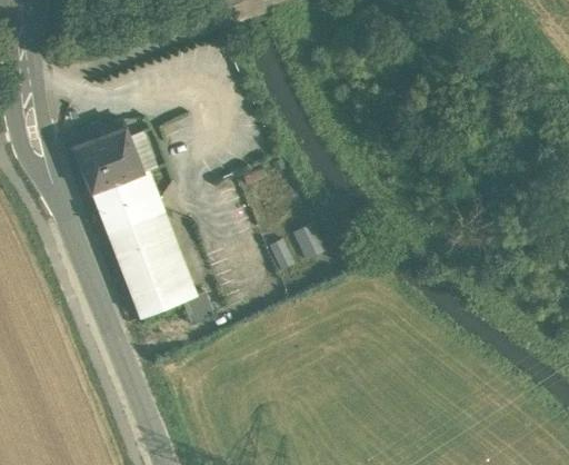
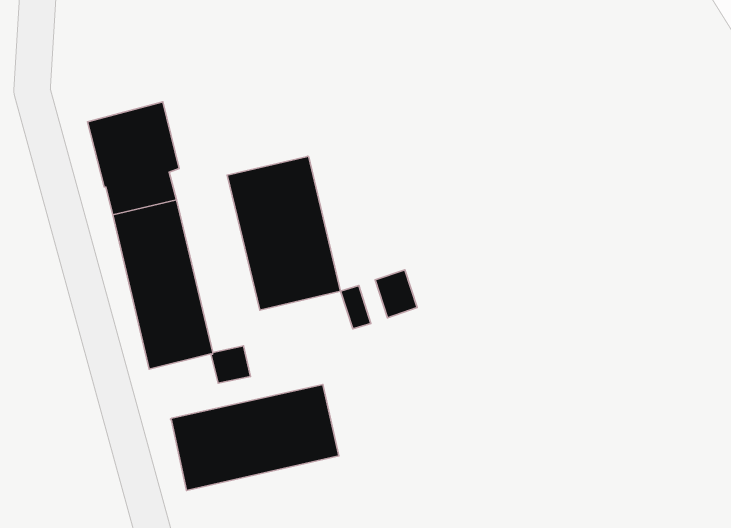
building: none -> [227,156,341,310]
building: none -> [171,384,339,491]

